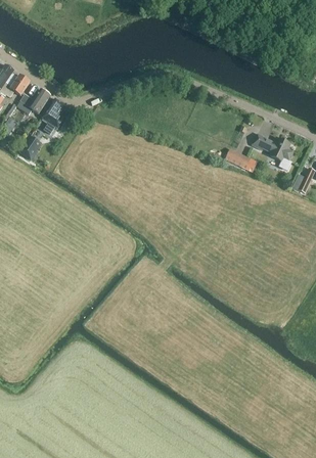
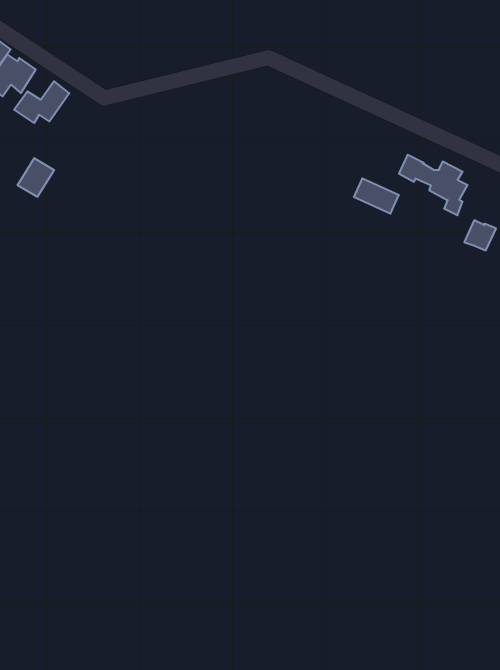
building: [42,98,71,135] -> none

